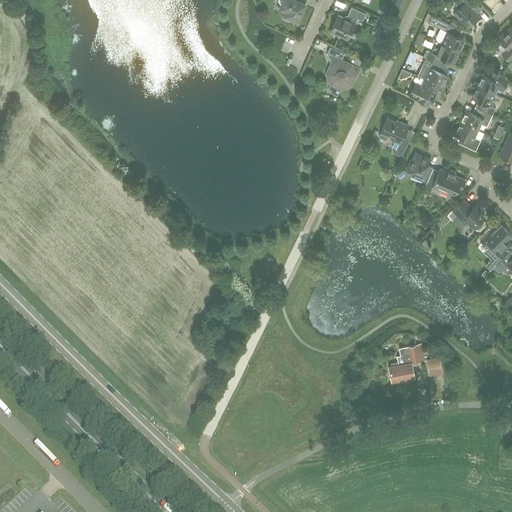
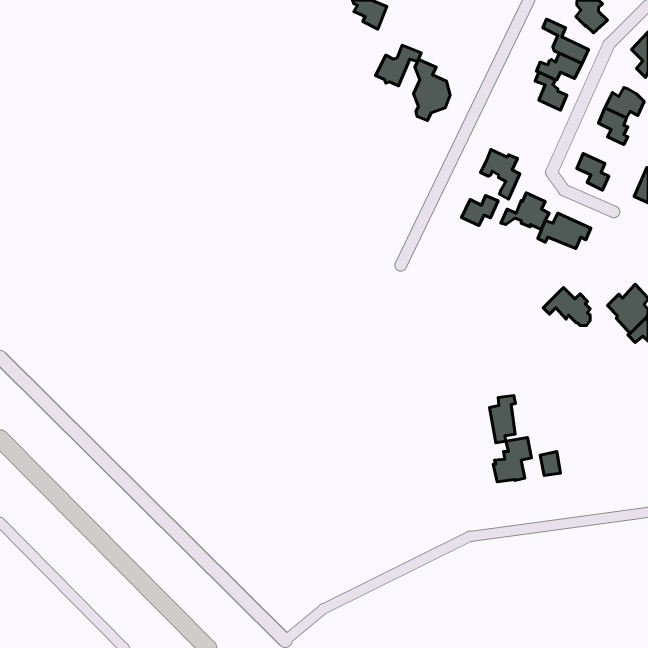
building: [330,7,366,39] -> [376,45,421,86]
building: [409,79,442,105] -> none
building: [460,108,492,129] -> none
building: none -> [461,196,498,226]
building: [447,199,484,229] -> [543,287,590,325]
building: none -> [489,395,516,443]

